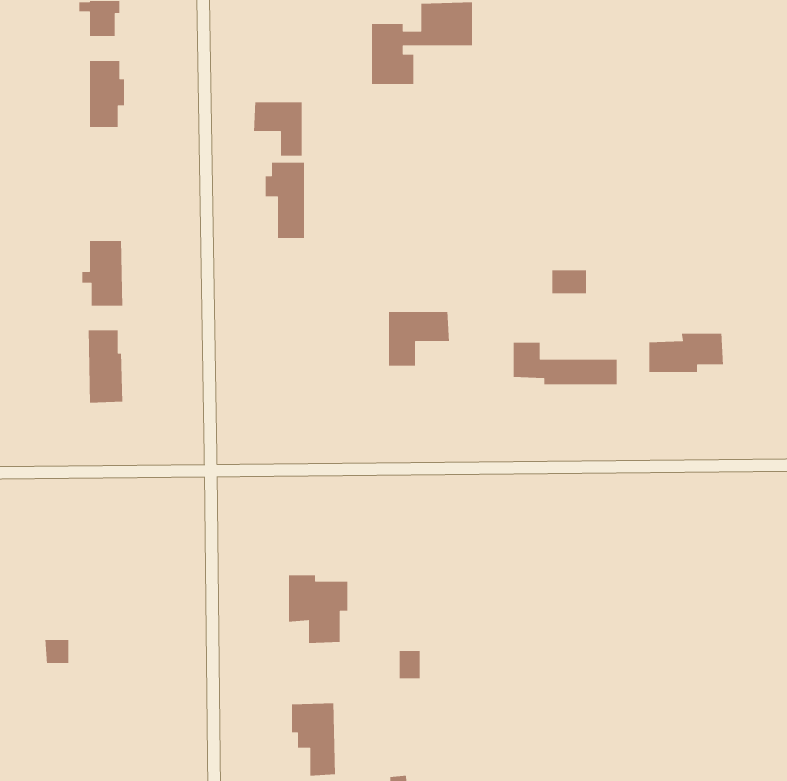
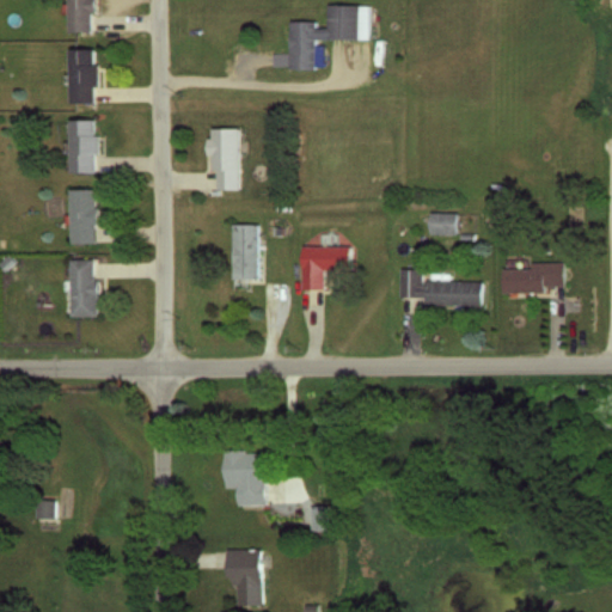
building: [253,101,302,156] -> none
building: none -> [63,121,97,173]
building: none -> [231,226,256,279]

